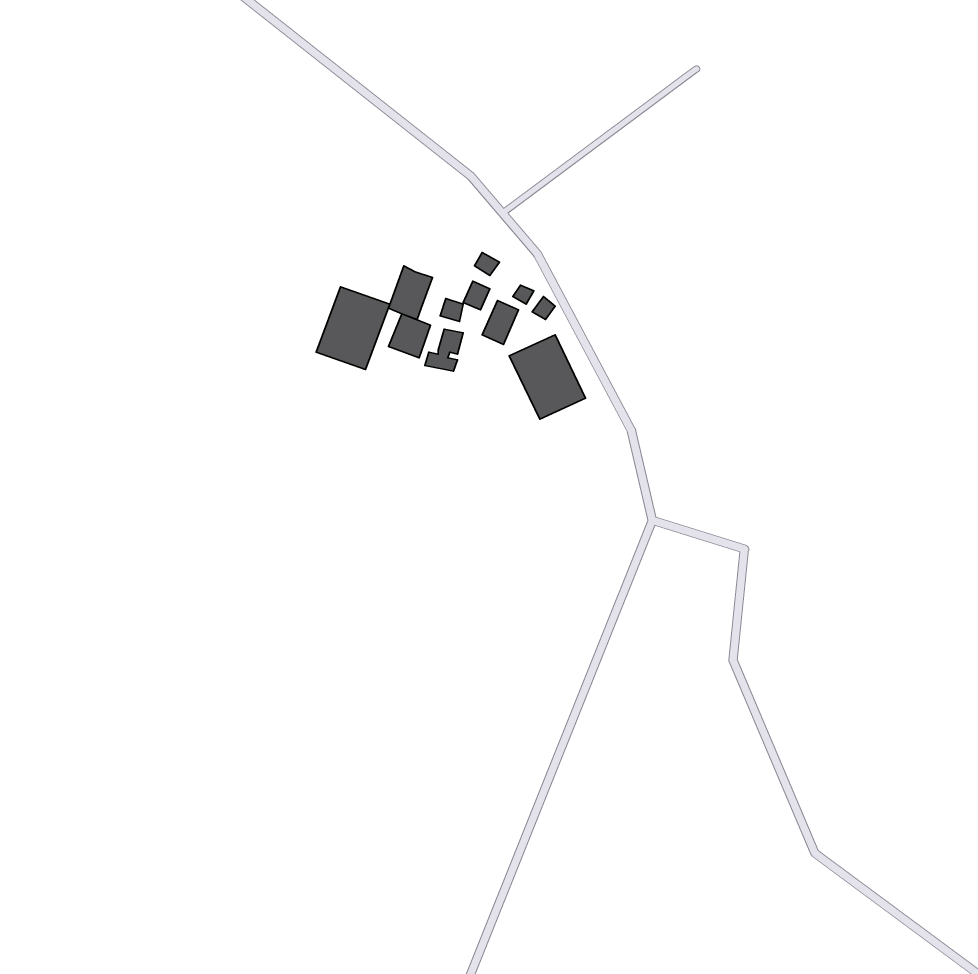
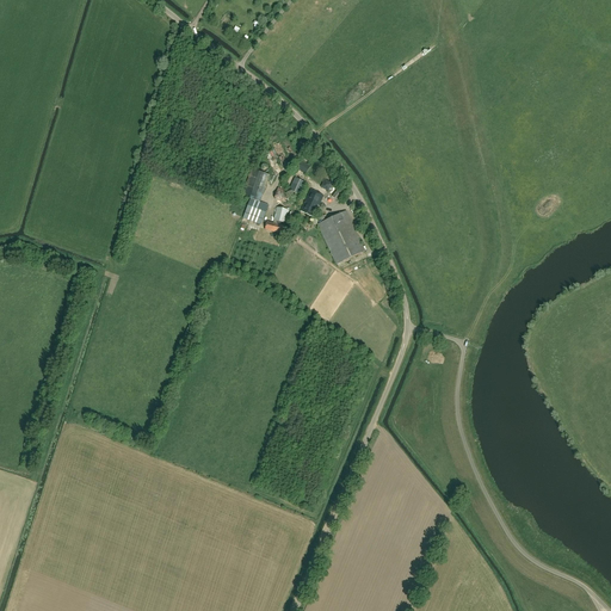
building: [316,287,390,369] -> none

